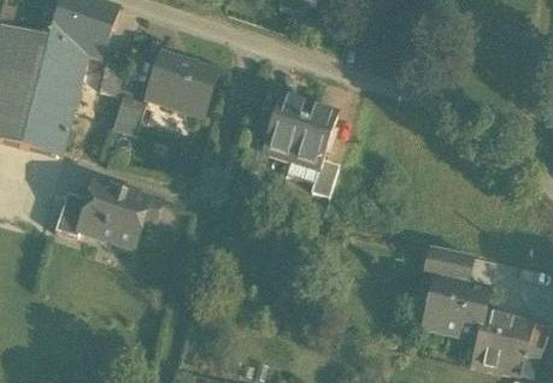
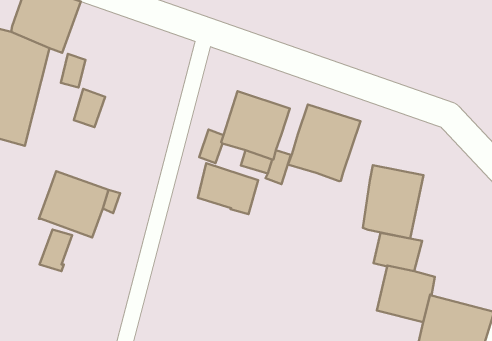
building: [147,54,217,116] -> none
building: none -> [288,105,360,181]
building: none -> [198,163,258,214]
building: none -> [363,165,423,239]
building: [54,195,88,238] -> [40,229,72,271]

